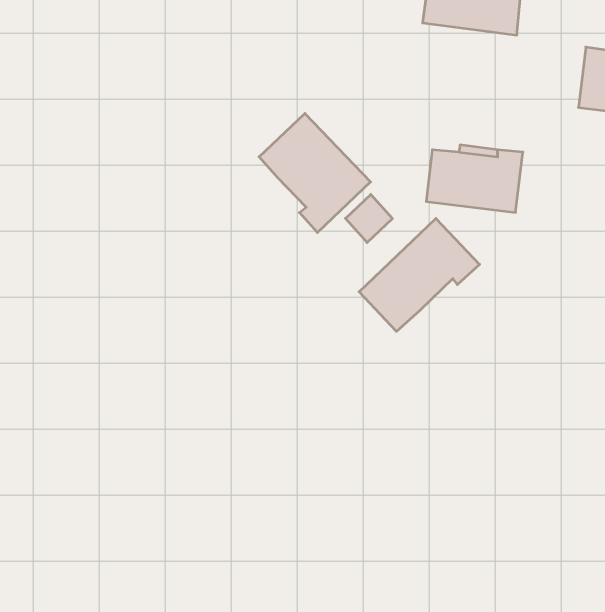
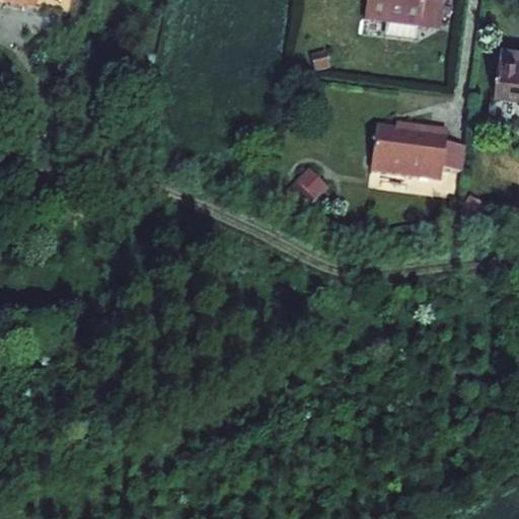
building: [259,113,371,233] -> none
building: [359,218,480,331] -> none

